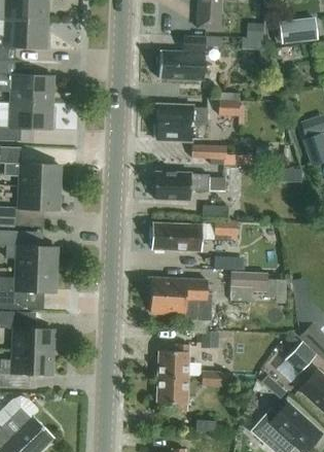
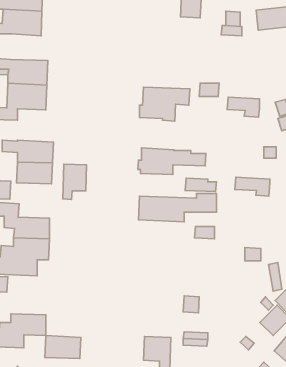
building: [158,36,207,80] -> none
building: [191,144,226,166] -> [227,97,259,117]
building: none -> [63,164,87,199]
building: [230,272,268,292] -> [235,177,270,196]
building: [149,279,213,322] -> none
building: [14,327,53,352] -> [45,336,81,358]
building: [159,344,189,377] -> none

